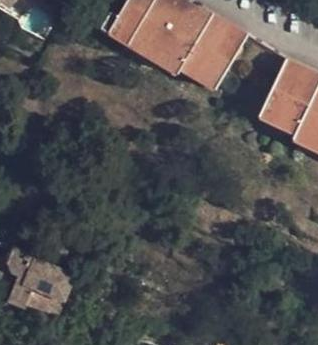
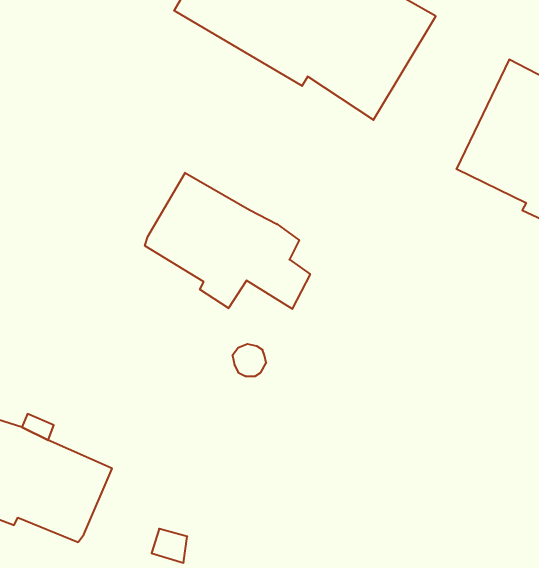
building: none -> [145,173,310,309]

